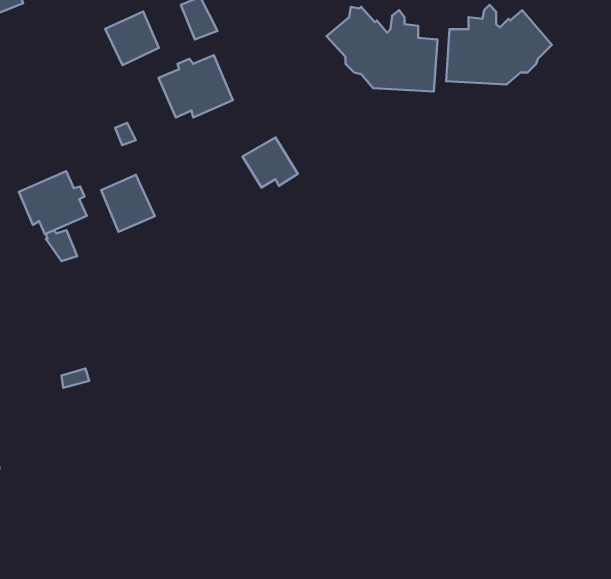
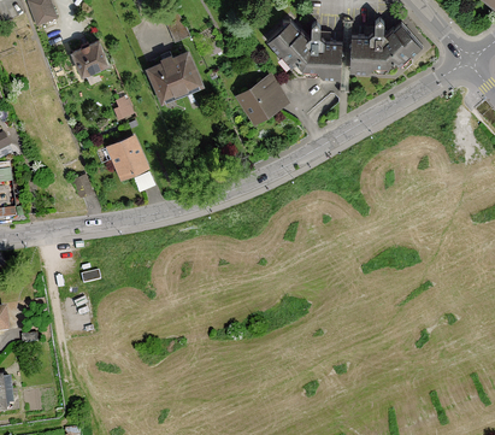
building: [105,11,159,65] -> [71,39,108,76]
building: [243,137,298,188] -> [238,80,277,114]
building: [19,171,87,234] -> none

